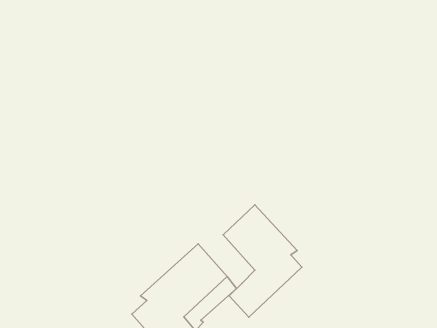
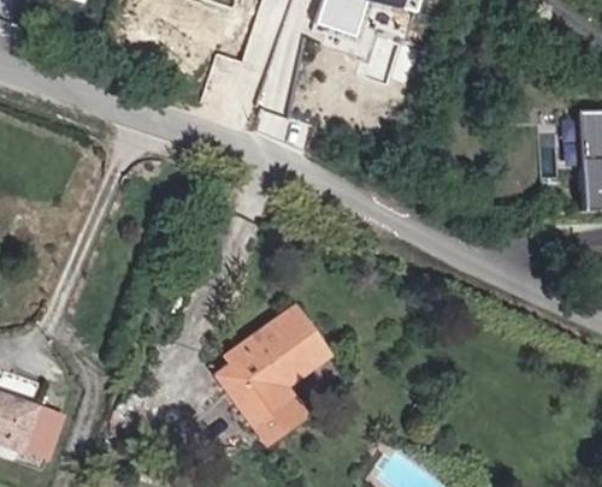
building: [223,205,302,317] -> none

